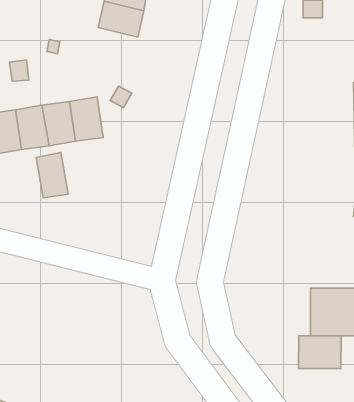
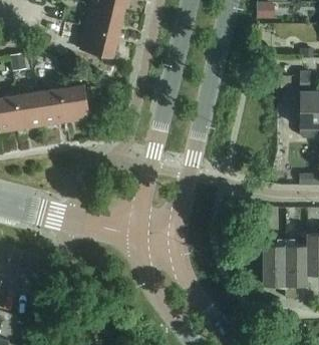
building: none -> [79,27,118,58]
building: [36,153,68,198] -> none
building: [298,336,341,368] -> none

